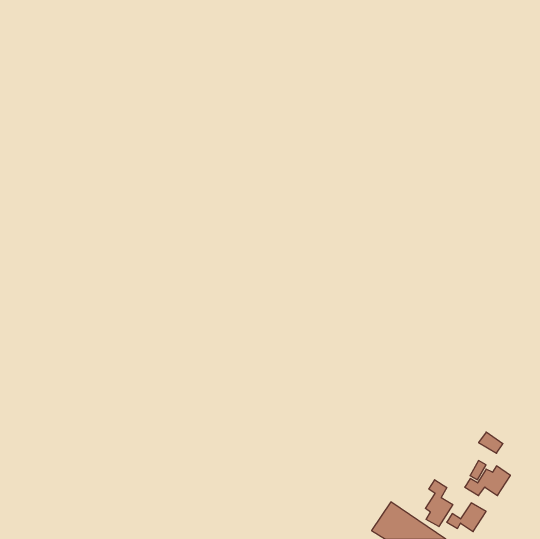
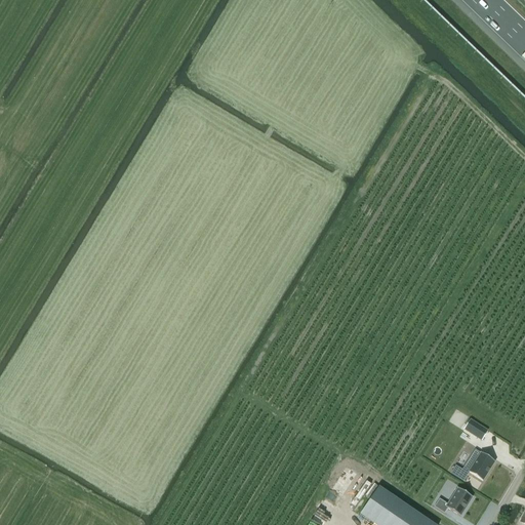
building: [425,480,453,527] -> none

